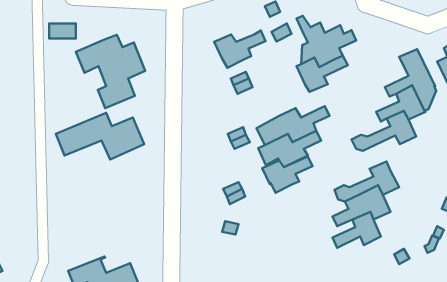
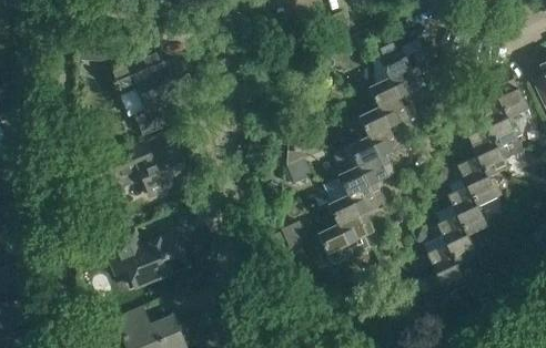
building: [214,31,265,68] -> [358,103,418,146]
building: none -> [432,167,499,213]
building: none -> [319,221,377,265]
building: none -> [103,229,190,287]

